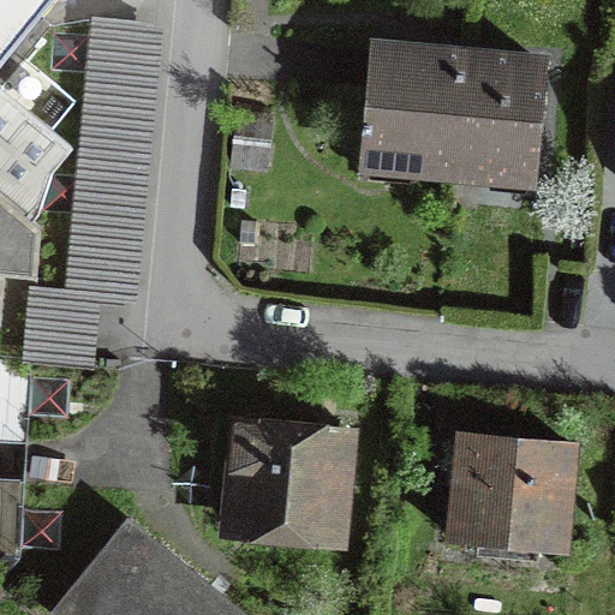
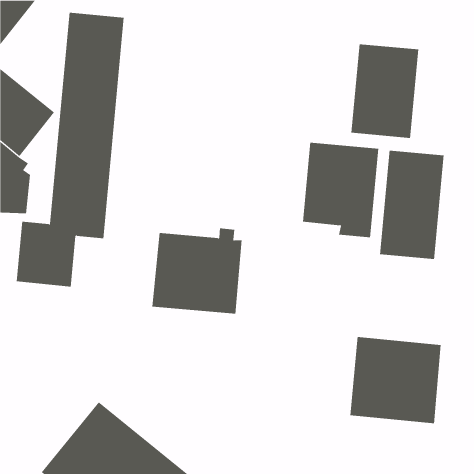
building: [364,49,464,173] -> [302,142,379,238]
building: none -> [379,150,444,260]
building: [228,420,346,532] -> [151,228,243,314]

